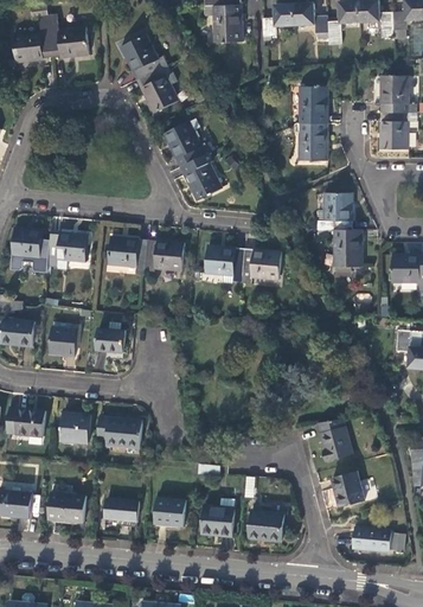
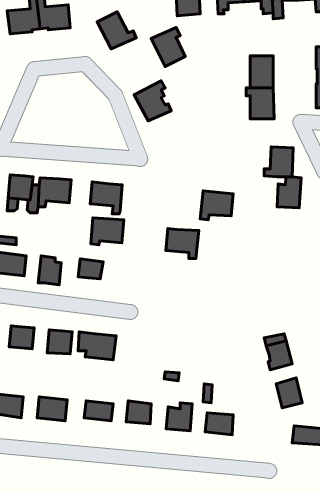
building: [136,66,177,113] -> [151,27,185,66]
building: [180,153,220,199] -> none
building: [147,241,186,273] -> [91,218,124,245]
building: [206,245,245,281] -> [166,229,199,259]

